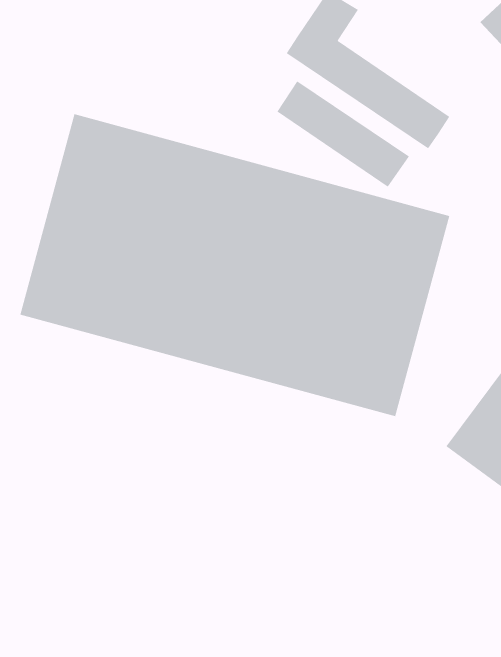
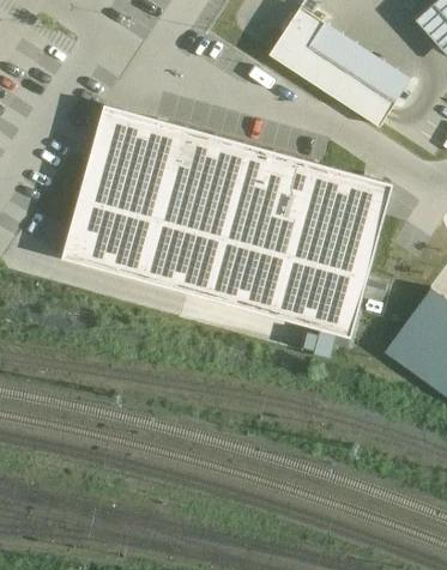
building: [277,81,410,187] -> [308,17,411,99]

